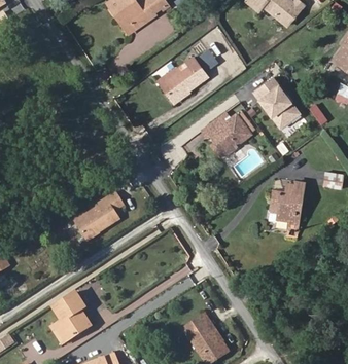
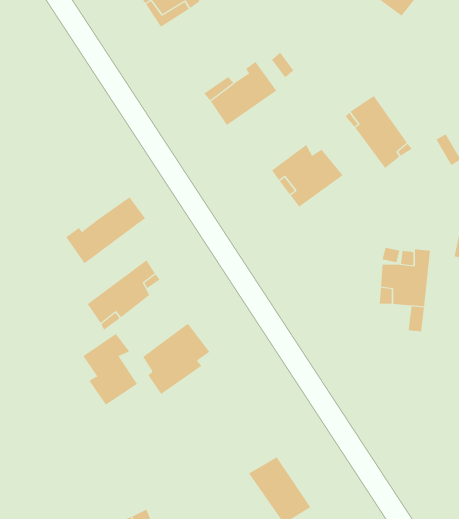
building: none -> [66,197,146,264]
building: none -> [142,323,210,395]
building: [51,294,89,342] -> [82,333,138,405]

